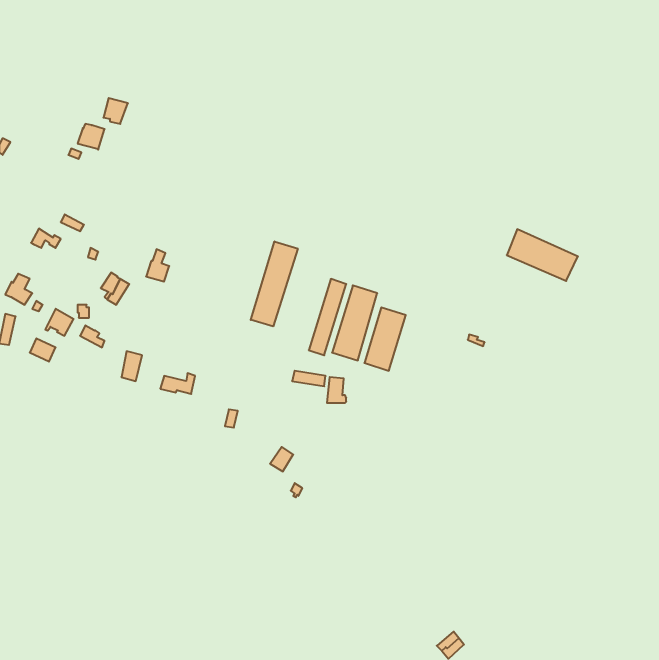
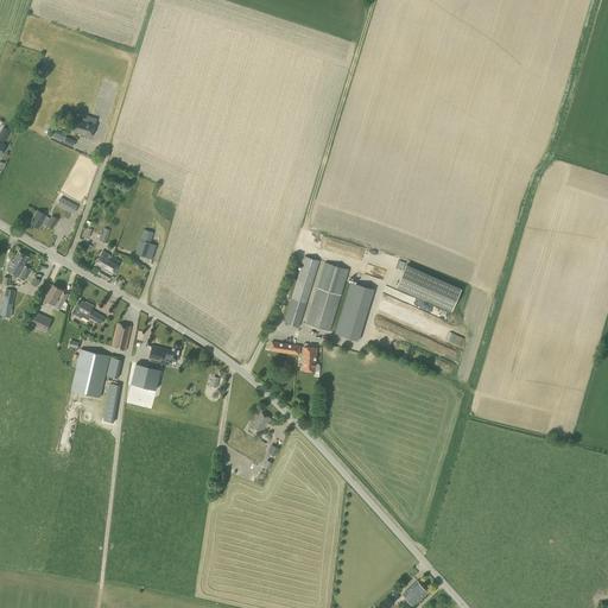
building: [507,229,578,281] -> [395,264,461,311]
building: [251,241,298,326] -> none
building: none -> [69,348,109,398]
building: none -> [129,365,159,391]

